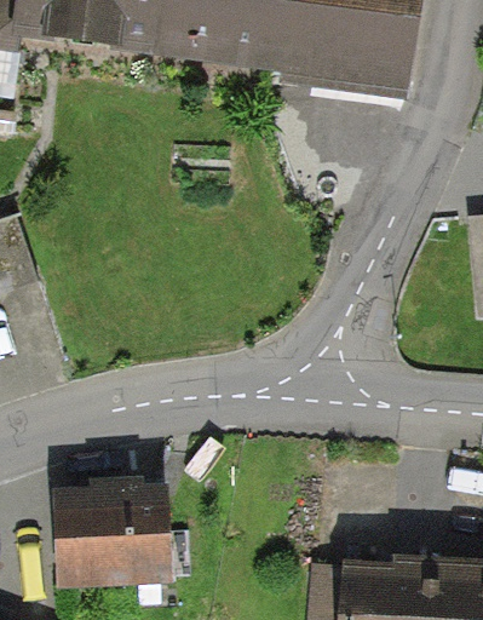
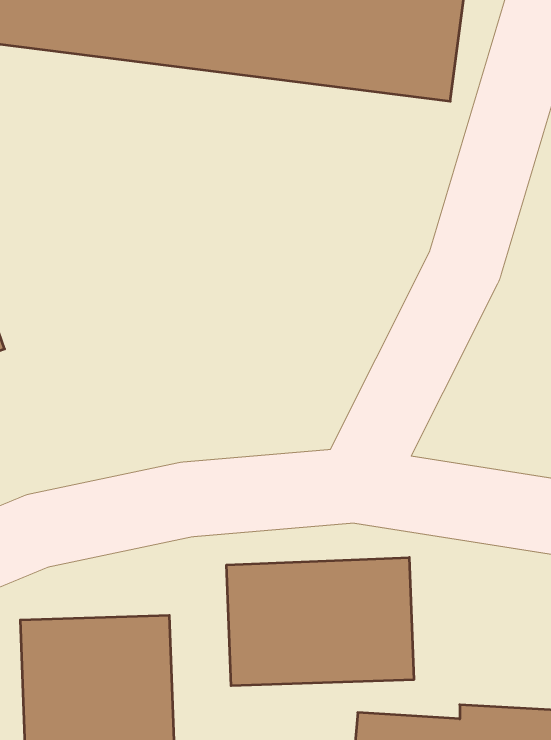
building: none -> [227,557,414,686]

